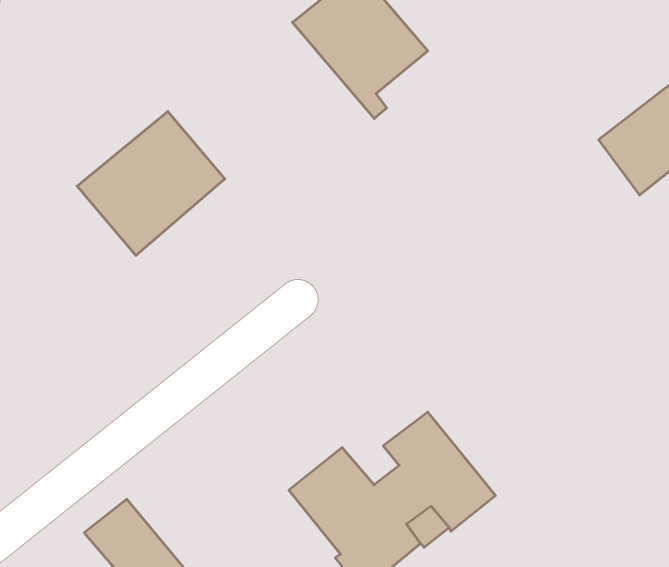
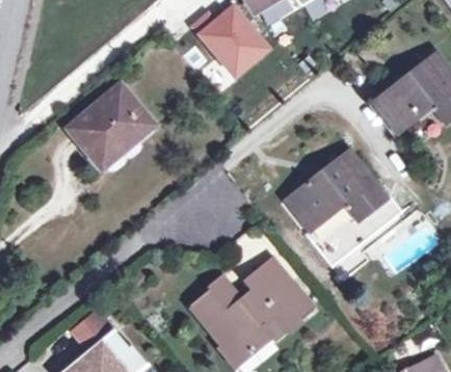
building: none -> [285,150,384,230]

